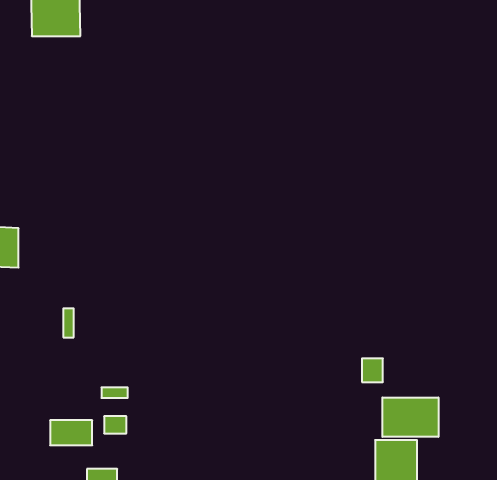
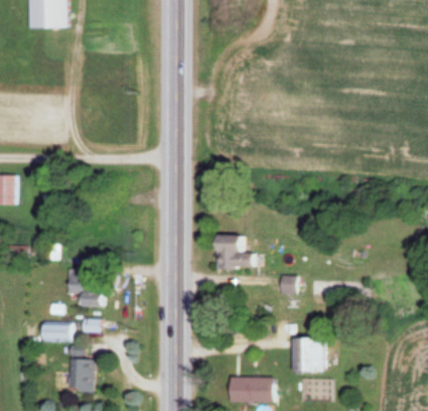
building: none -> [215,235,253,268]
building: [382,397,438,437] -> none

